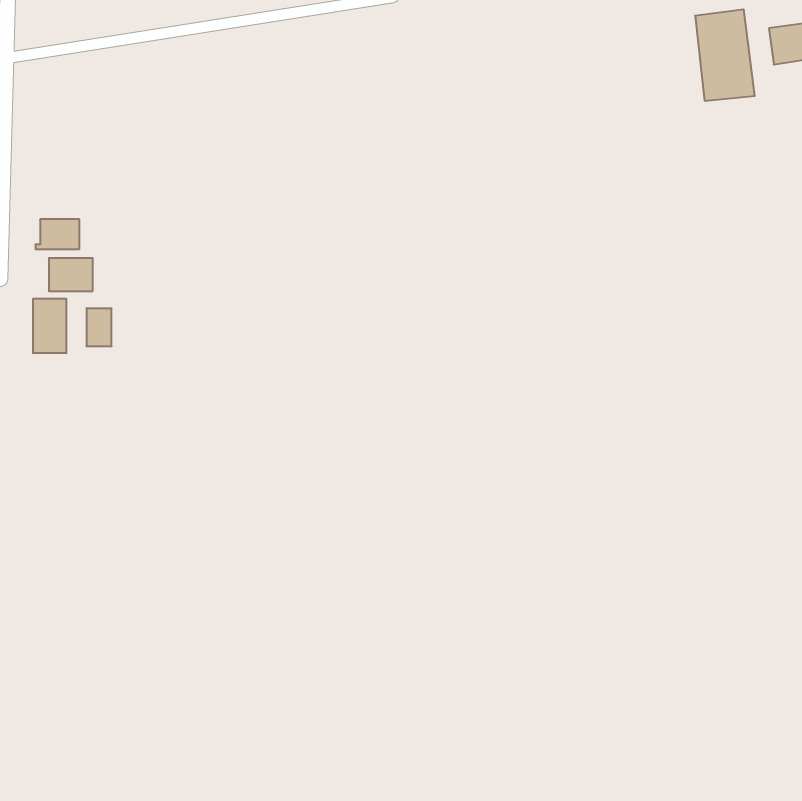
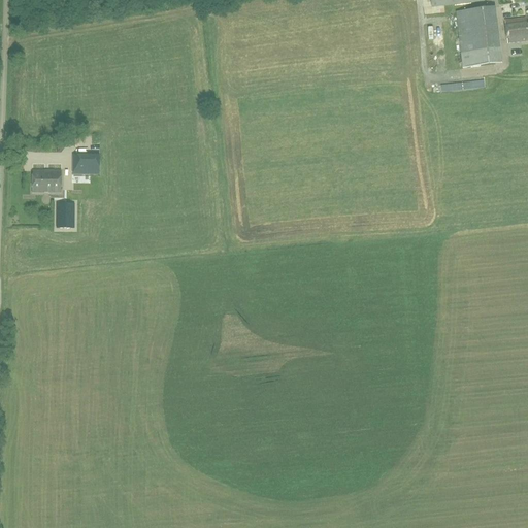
building: [35,219,79,249] -> [71,153,100,172]
building: [33,299,66,353] -> none

